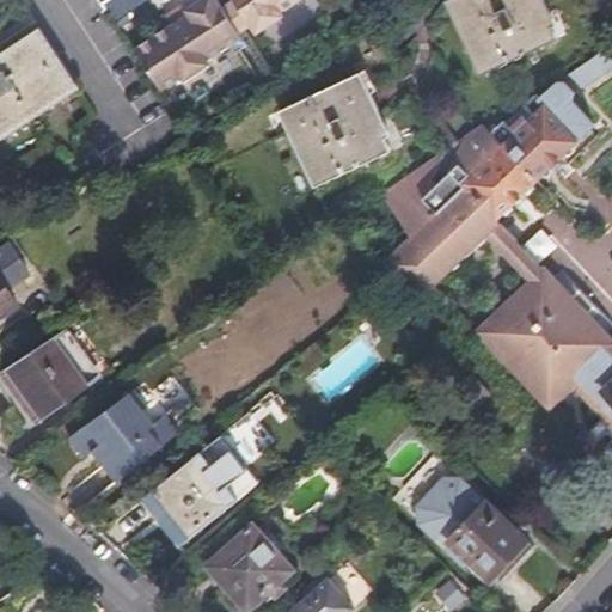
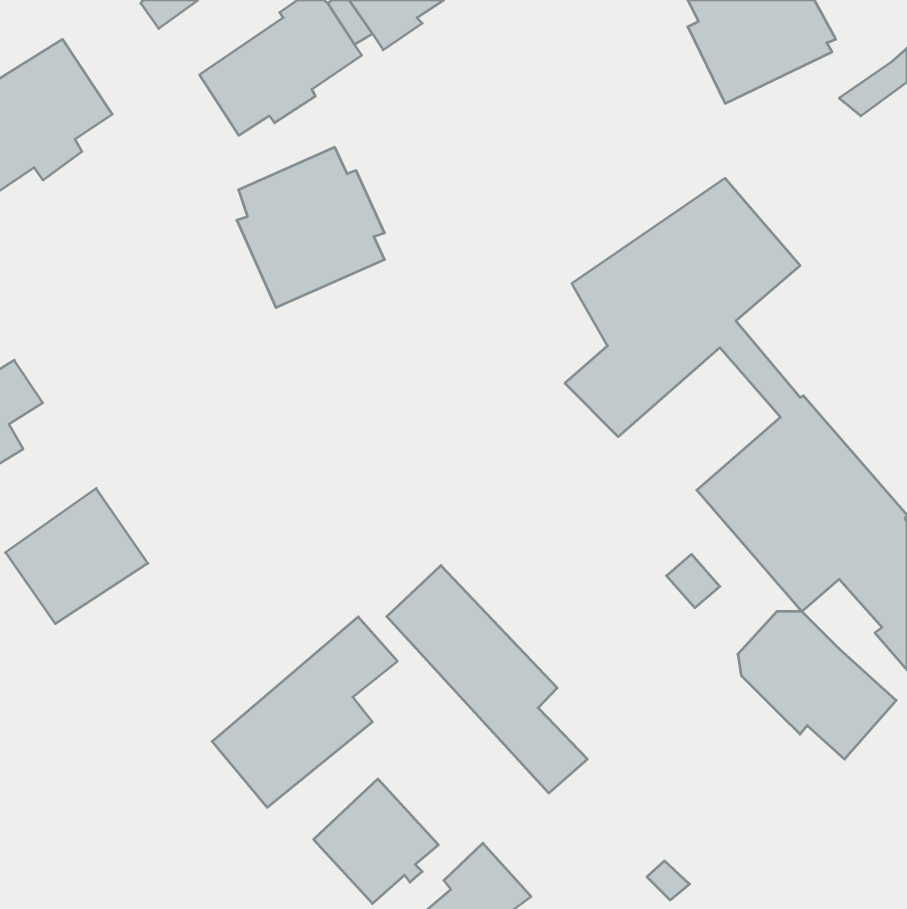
building: [289,79,388,186] -> [237,147,385,308]
building: [494,81,598,179] -> none
building: none -> [387,565,587,793]
building: [67,387,176,476] -> none
building: [414,478,520,577] -> [738,611,896,759]

